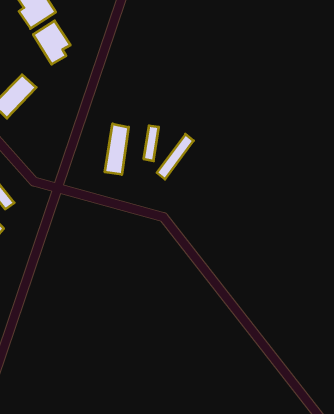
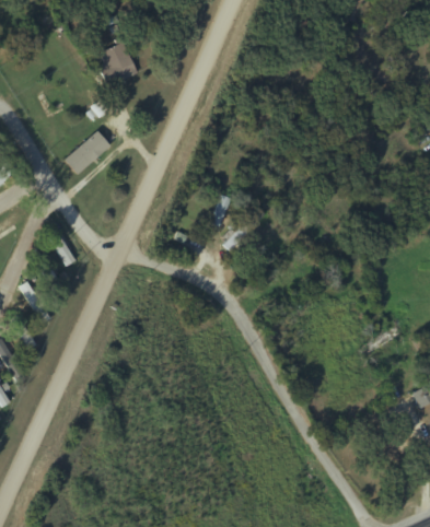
building: [33,21,70,64] -> none
building: [105,124,129,175] -> none

